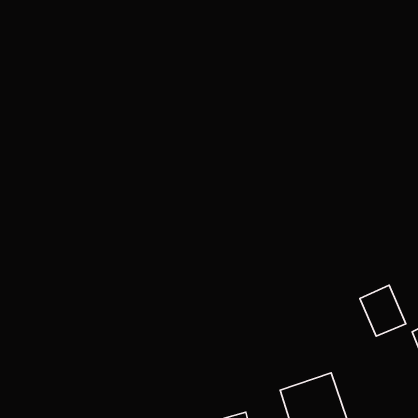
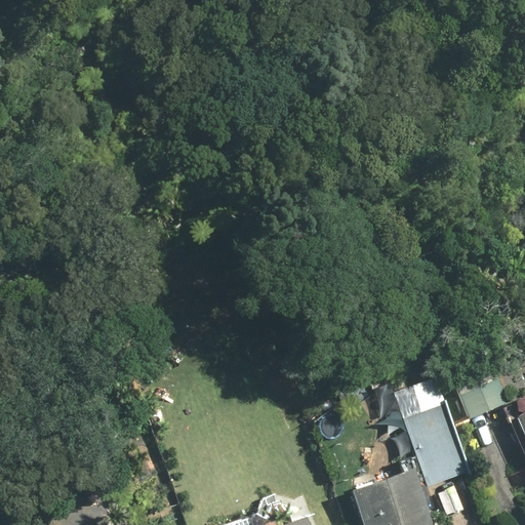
building: none -> [394,383,461,488]

